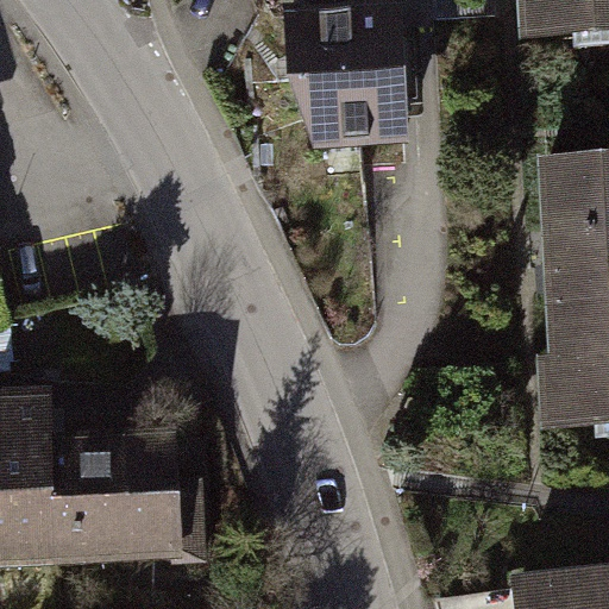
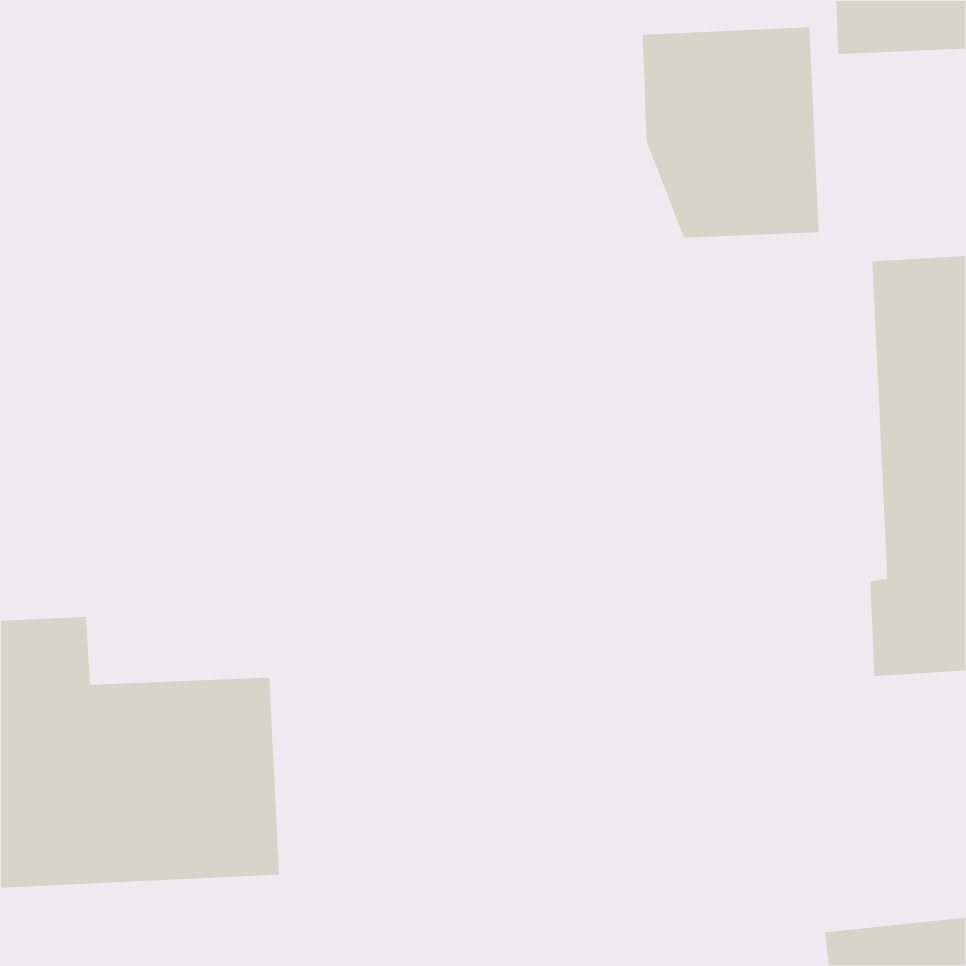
building: [289,10,401,143] -> [642,27,820,238]

